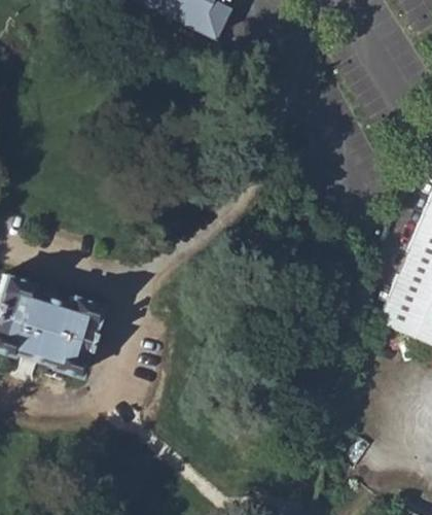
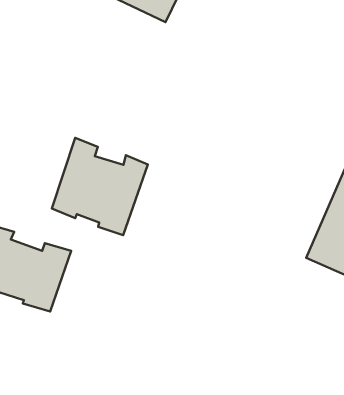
building: none -> [52,138,148,235]

